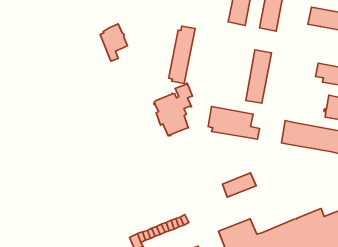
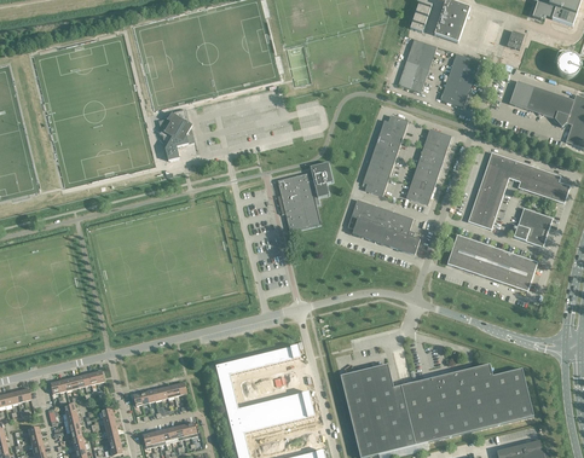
building: [100,24,128,61] -> [157,109,193,160]
building: [169,26,195,84] -> [360,115,407,196]
building: none -> [467,151,514,228]
building: [222,173,256,197] -> none

